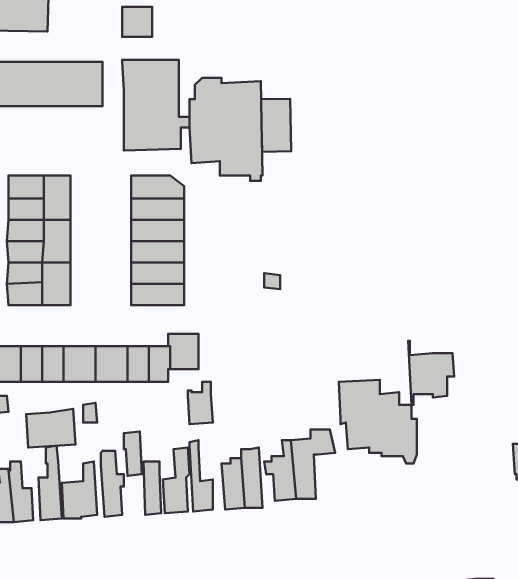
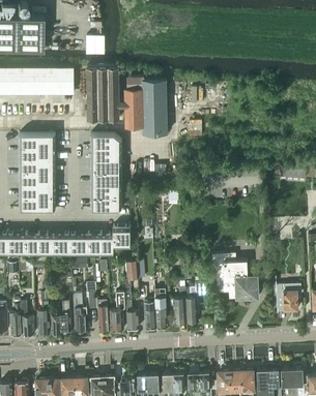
building: [261,99,291,152] -> none
building: [408,341,454,405] -> [275,277,301,314]
building: [26,409,75,447] -> none

